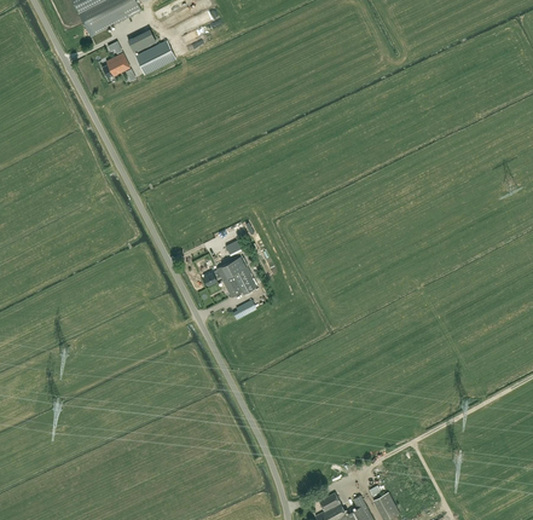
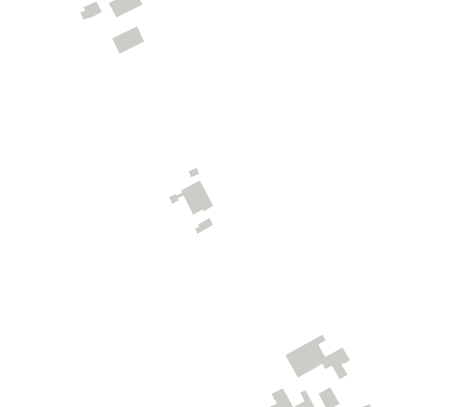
building: none -> [111,25,145,55]
building: none -> [284,334,351,381]

